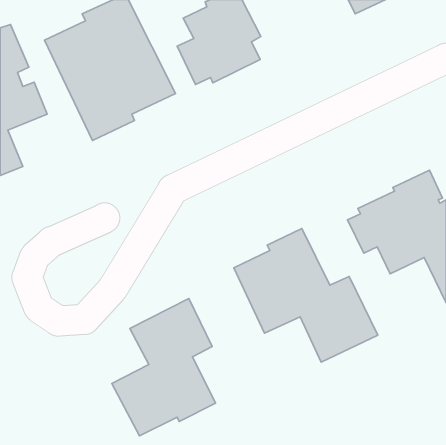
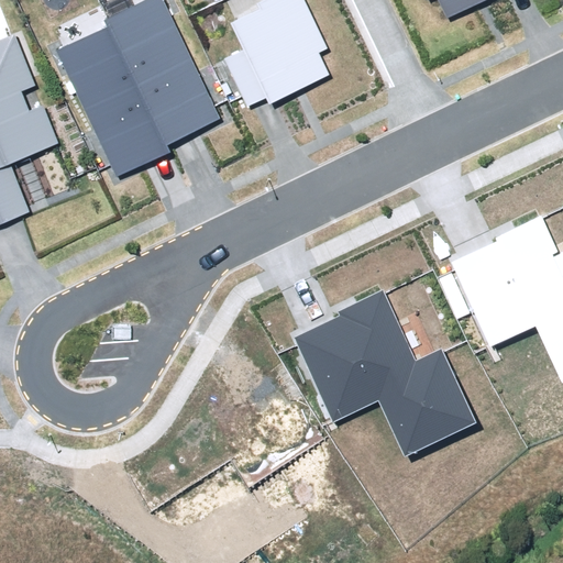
building: [112,299,215,436] -> none

